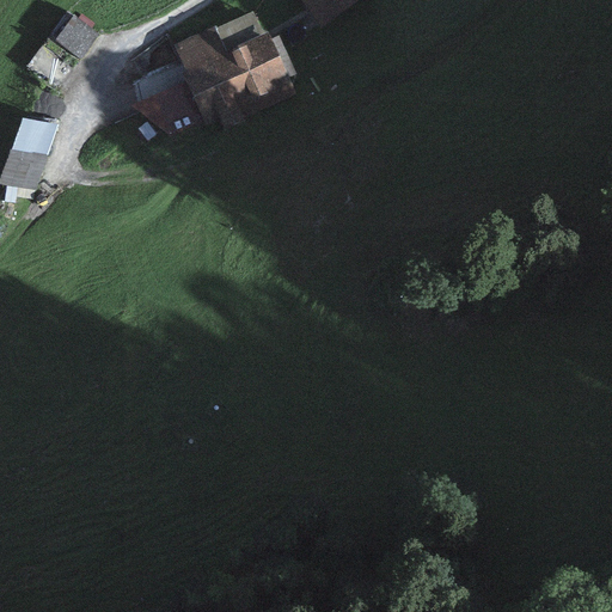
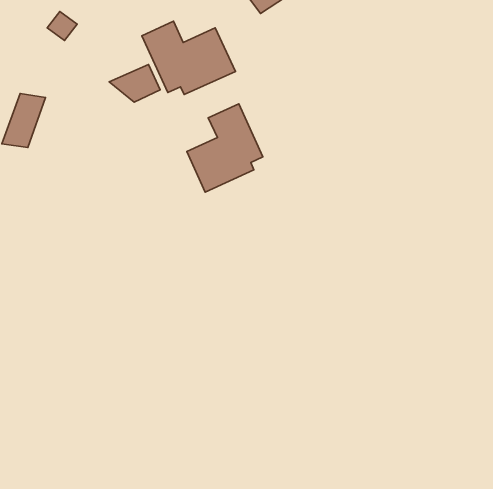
building: none -> [187,104,263,192]

